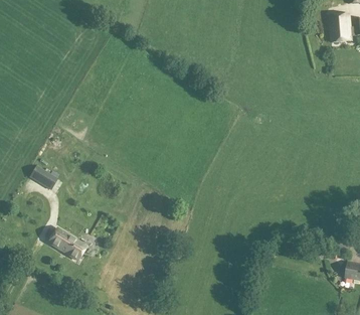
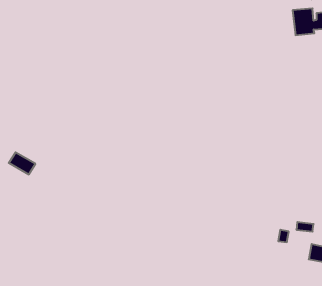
building: [47,226,85,259] -> none

